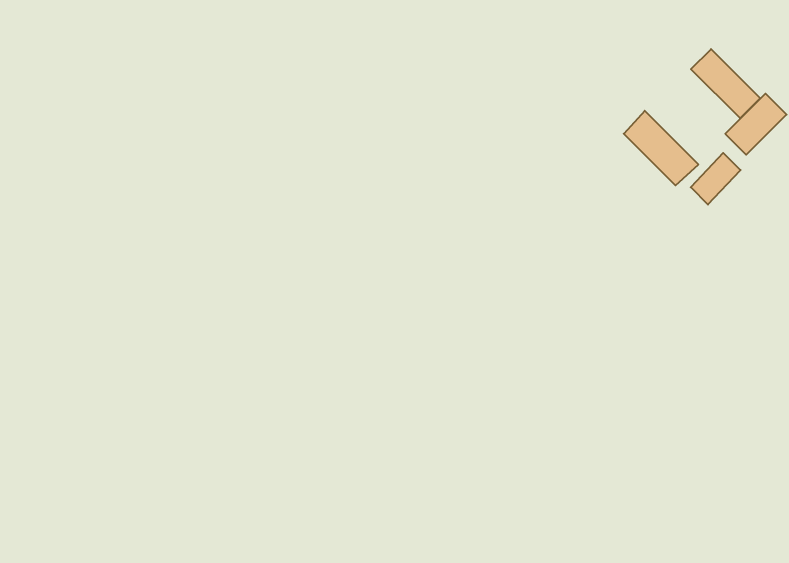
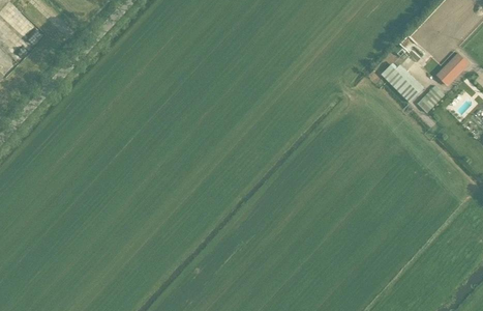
building: [691,49,760,118] -> none

